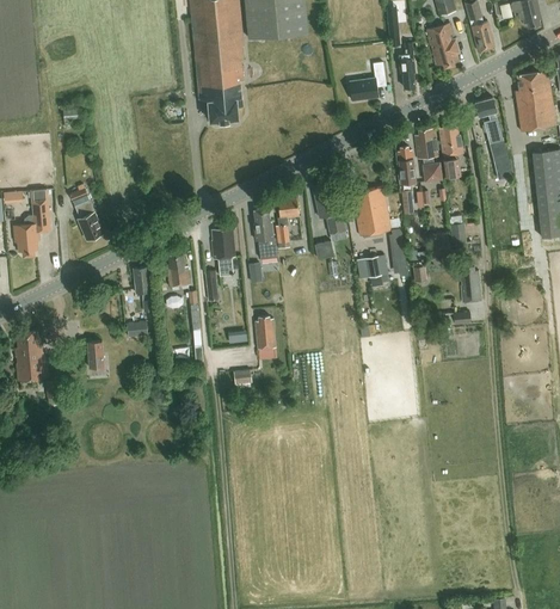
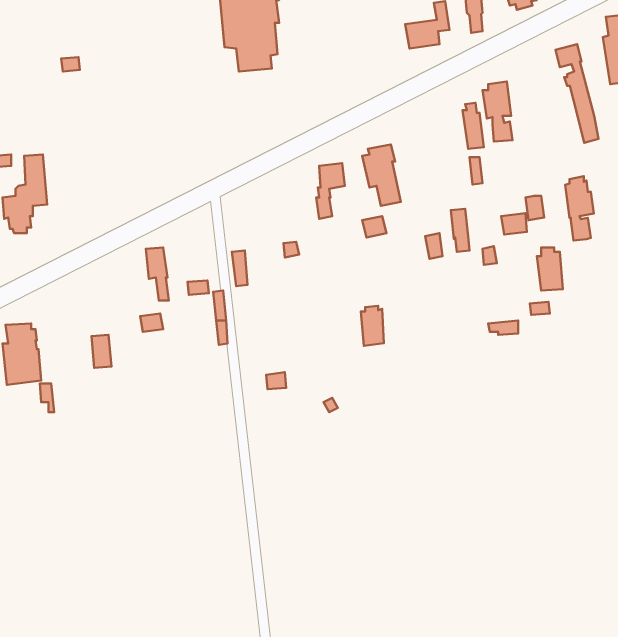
building: [439,123,463,177] -> [565,176,594,241]
building: [353,187,400,236] -> none
building: [69,189,103,240] -> none
building: [254,209,278,259] -> none
building: [211,228,235,277] -> none
building: [167,253,190,288] -> none
building: [256,316,275,350] -> [361,306,384,346]

